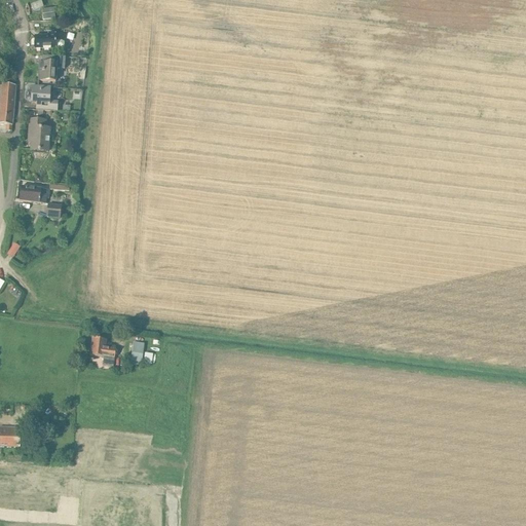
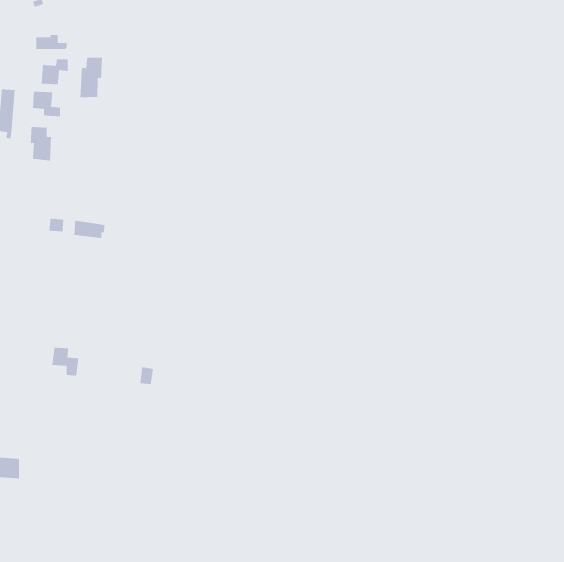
building: none -> [80,57,103,98]
building: [18,184,48,201] -> [74,220,106,239]
building: [88,336,114,364] -> [51,347,79,377]

